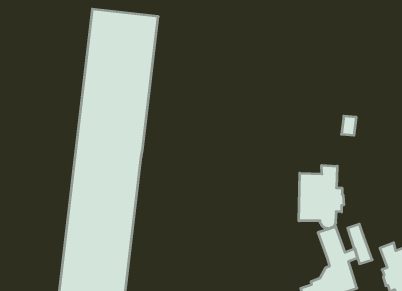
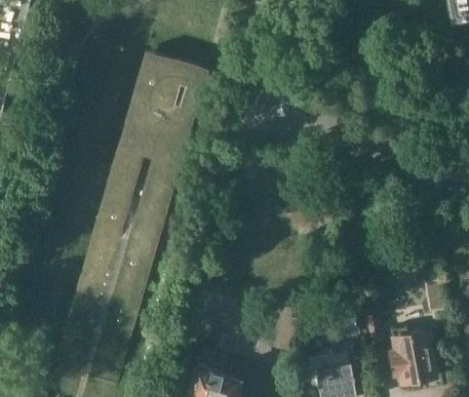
building: [299,165,344,229] -> none

